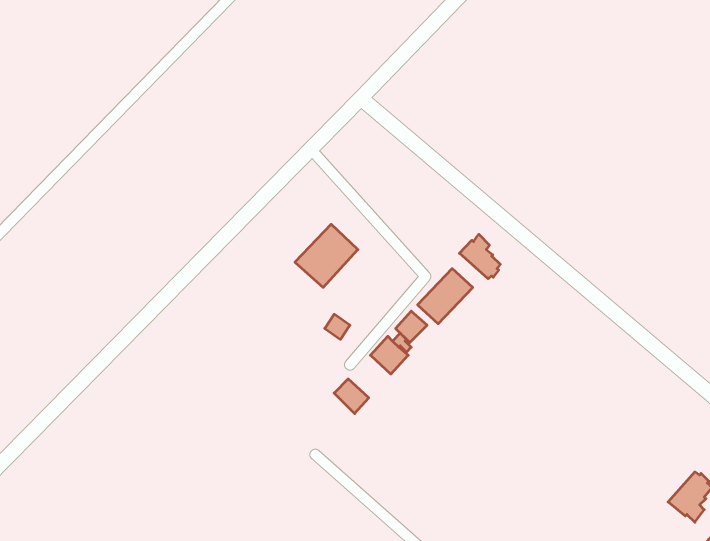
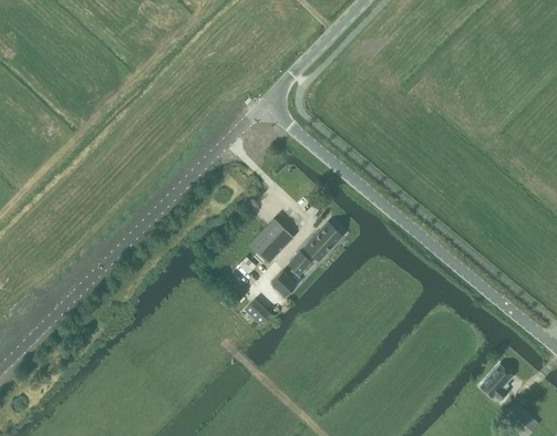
building: [295,224,358,287] -> [249,218,293,262]
building: [459,234,500,279] -> none

